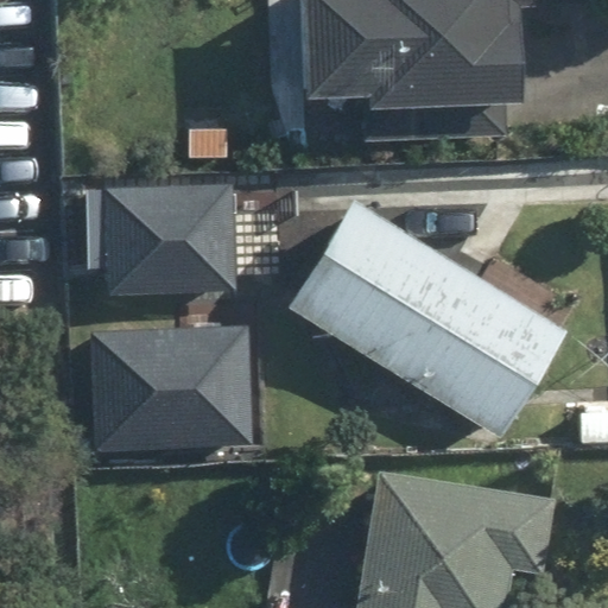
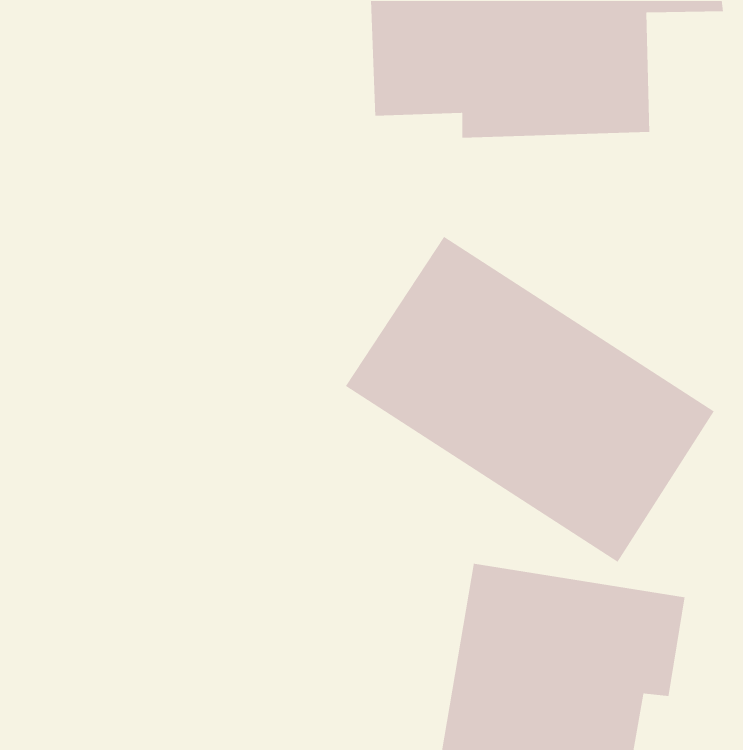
building: [104,185,234,291] -> none
building: [83,325,249,450] -> none

